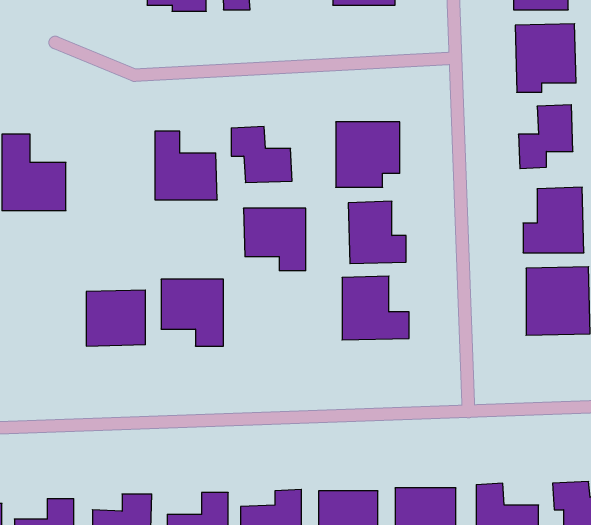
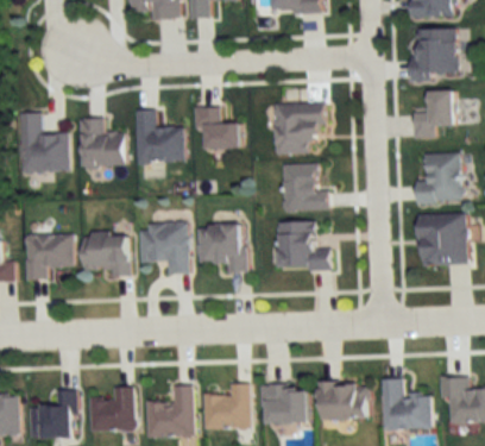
building: none -> [80,118,124,167]
building: [243,208,306,271] -> [197,224,245,271]
building: none -> [25,233,73,278]

